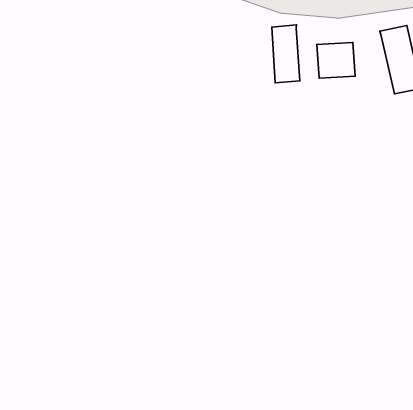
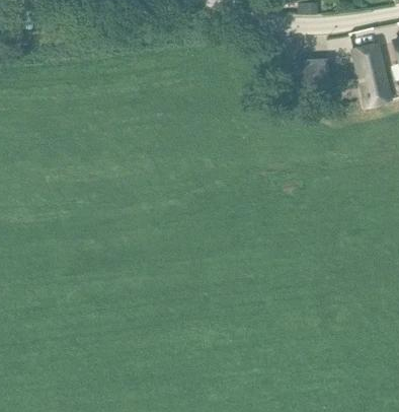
building: [272,25,300,83] -> none

